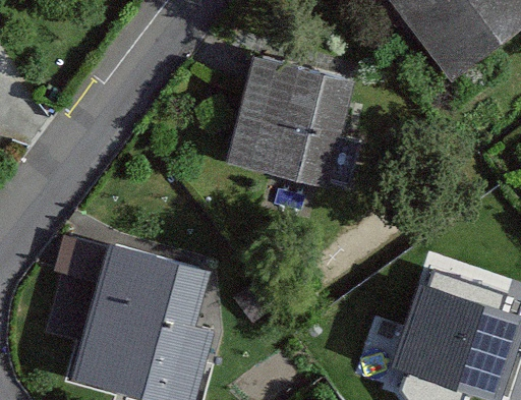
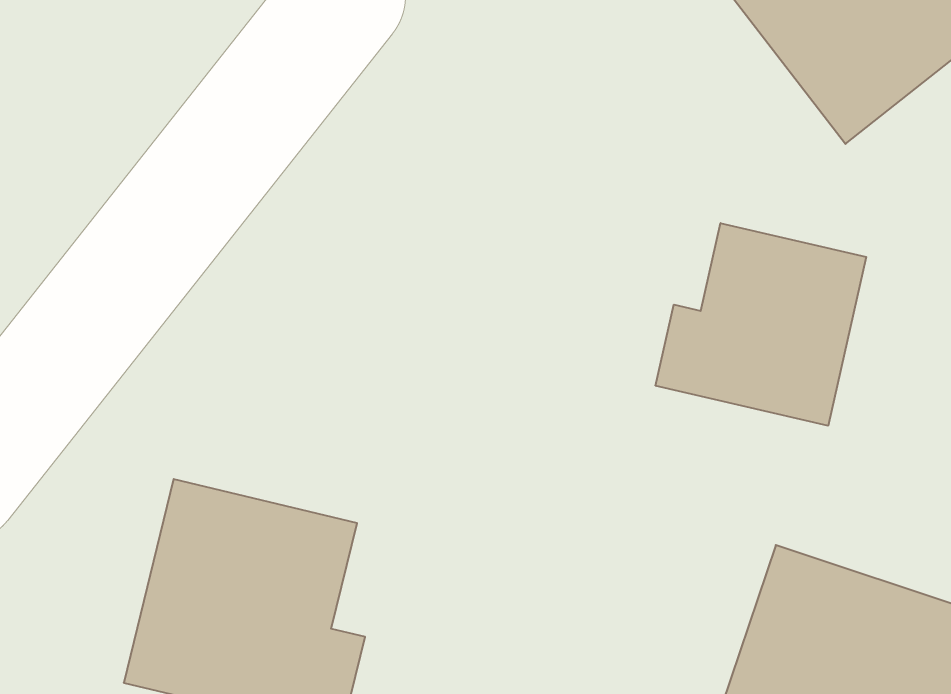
building: [230,58,362,189] -> none
building: none -> [656,223,866,426]

